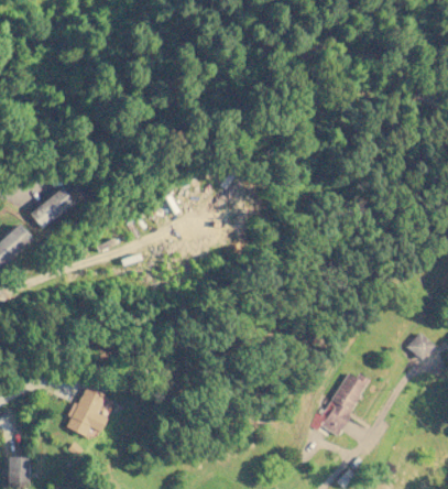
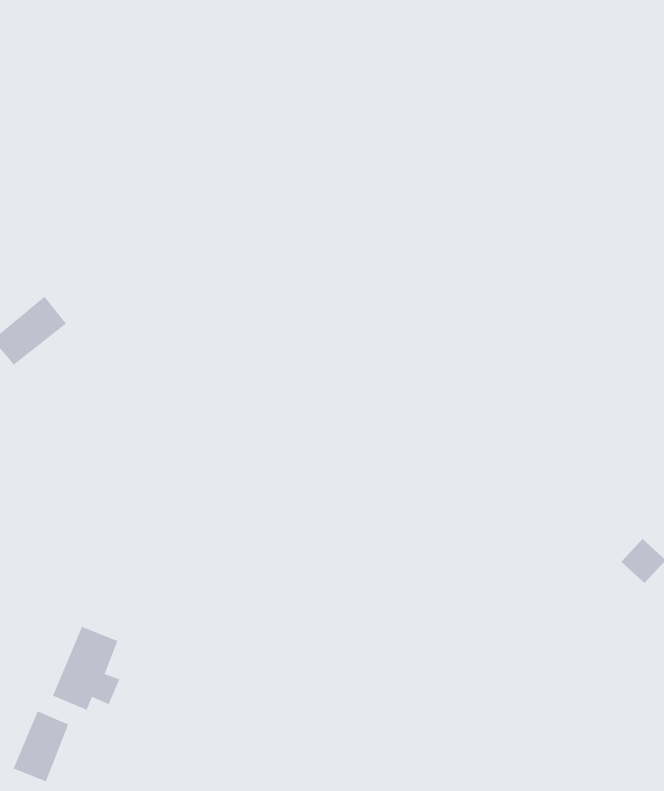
building: [310,371,367,439] -> none
building: none -> [13,710,69,782]

